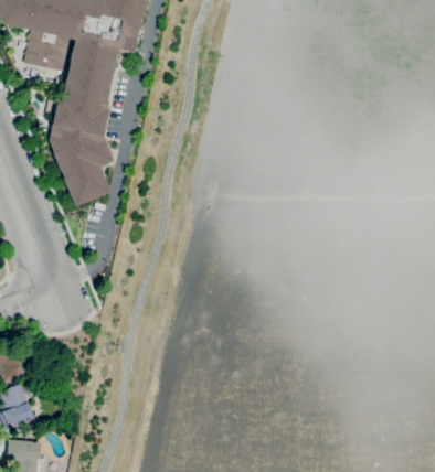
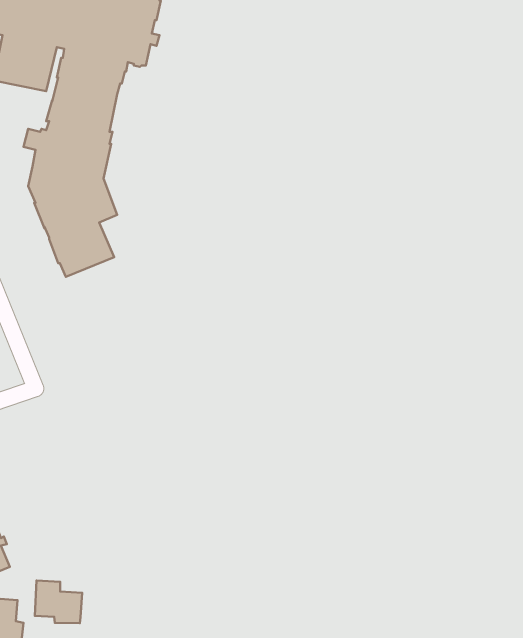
building: none -> [35,580,82,623]

